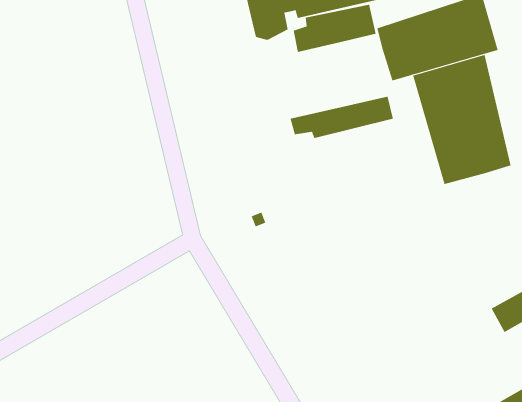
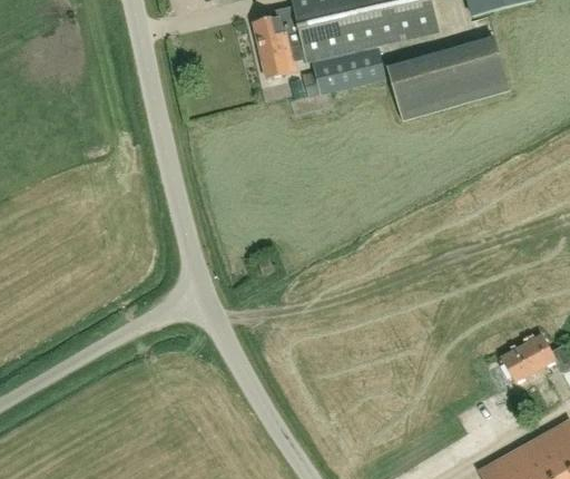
building: [412,54,511,185] -> none
building: [290,96,394,139] -> none

